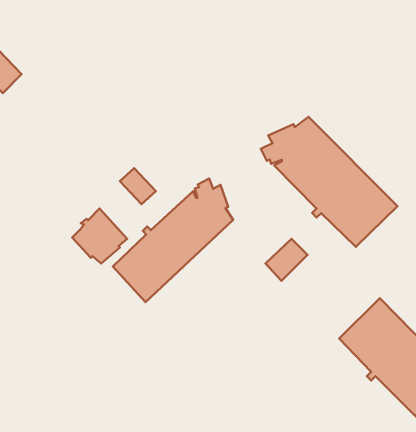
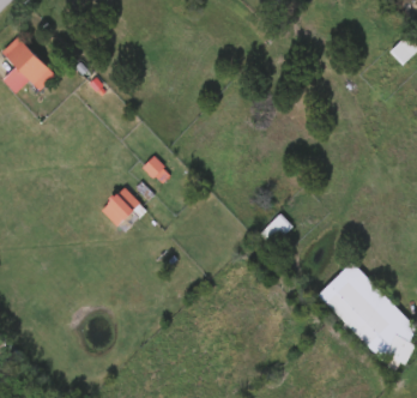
building: [261,117,397,247] -> none
building: [113,179,233,302] -> none

